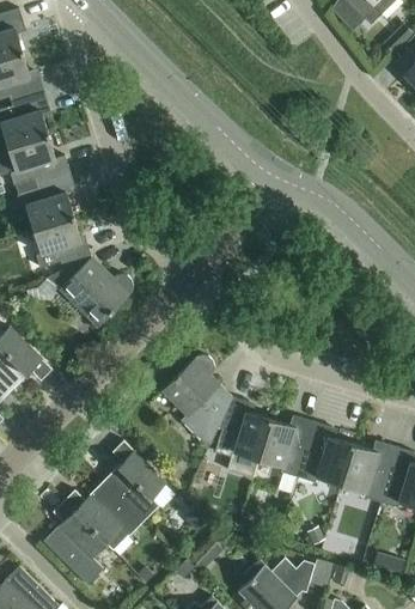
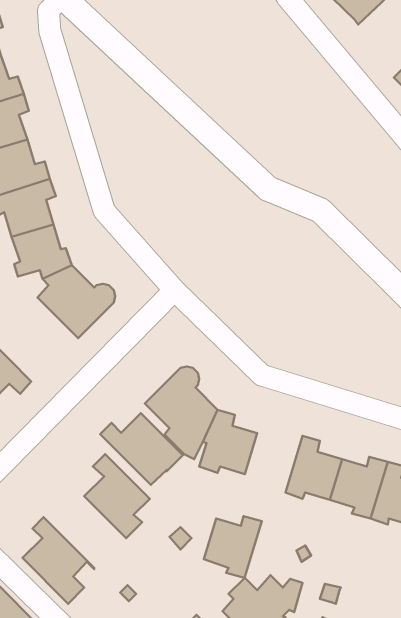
building: [258,418,315,477] -> [204,516,262,578]
building: [63,481,144,550] -> [100,413,183,485]

